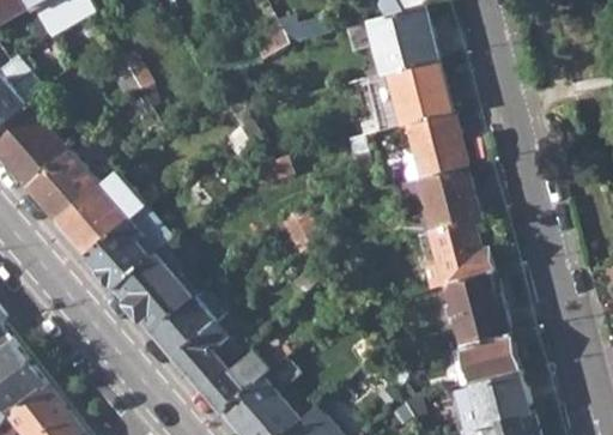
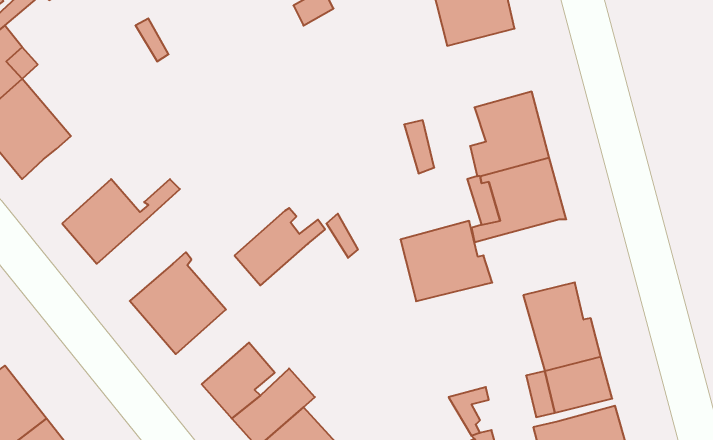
building: [364,61,451,132] -> none
building: [26,151,101,224] -> none
building: [89,220,152,289] -> none
building: [417,220,493,288] -> [400,221,492,301]
building: [154,294,230,358] -> [235,208,325,285]

